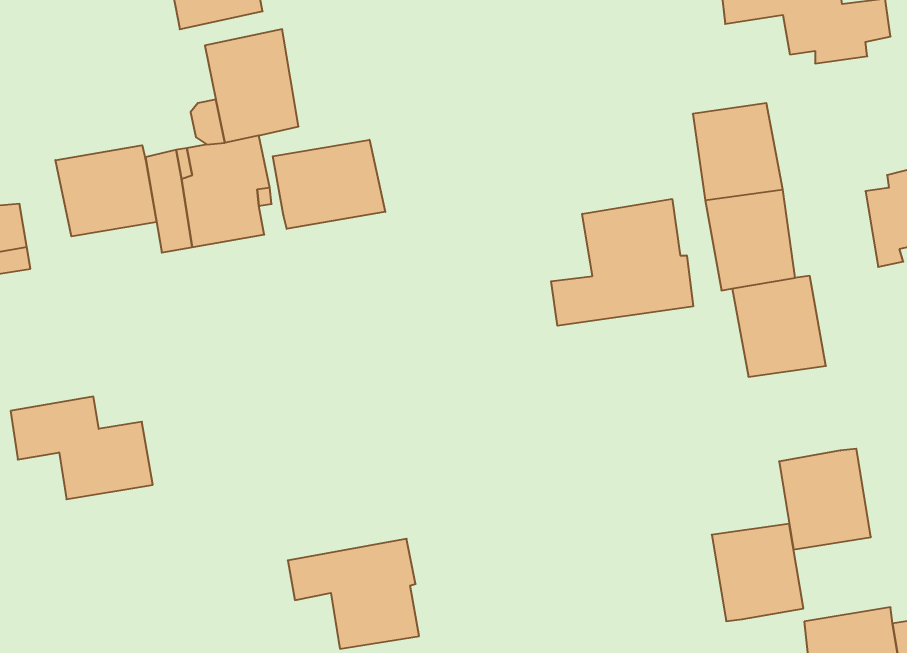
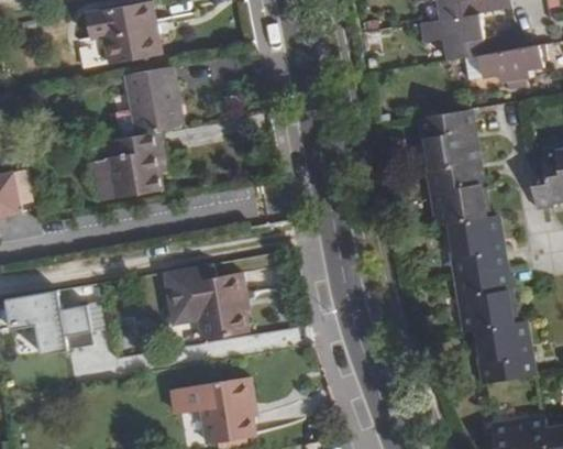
building: [273,140,385,229] -> none
building: [55,145,157,236] -> none
building: [551,199,693,326] -> none
building: none -> [166,263,247,340]
building: [712,524,803,621] -> [457,271,514,330]

